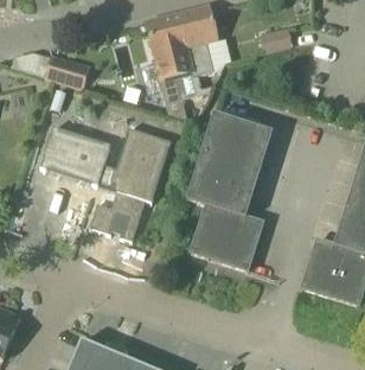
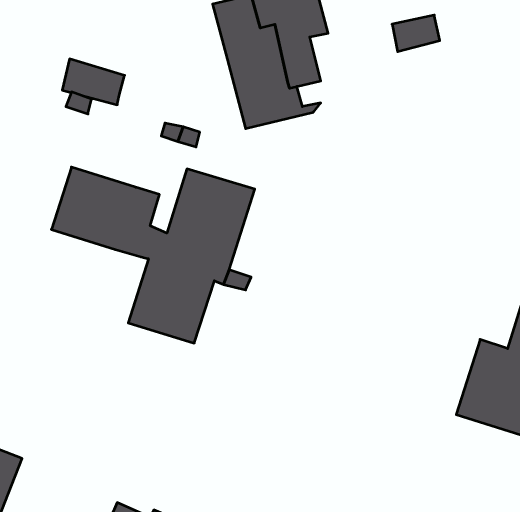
building: [186,114,270,268] -> none

